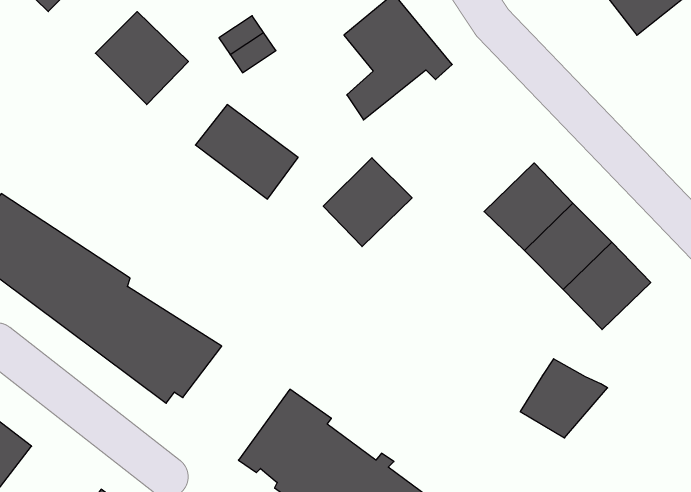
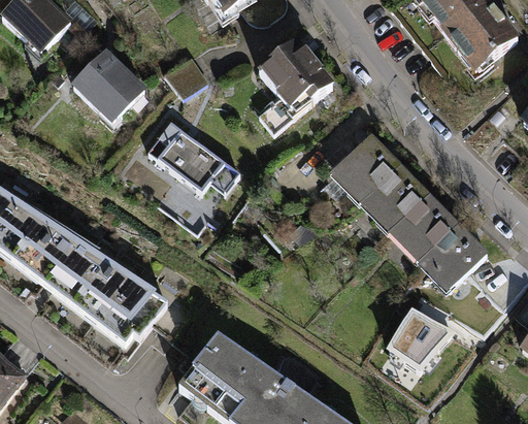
building: [323,158,412,247] -> [332,134,398,200]

